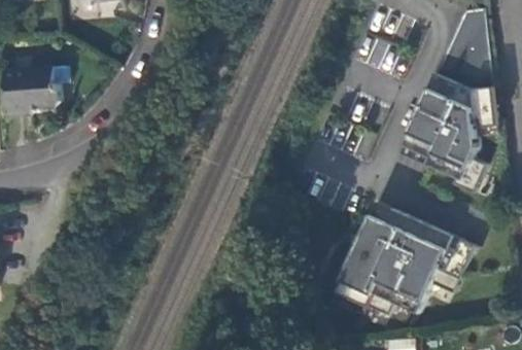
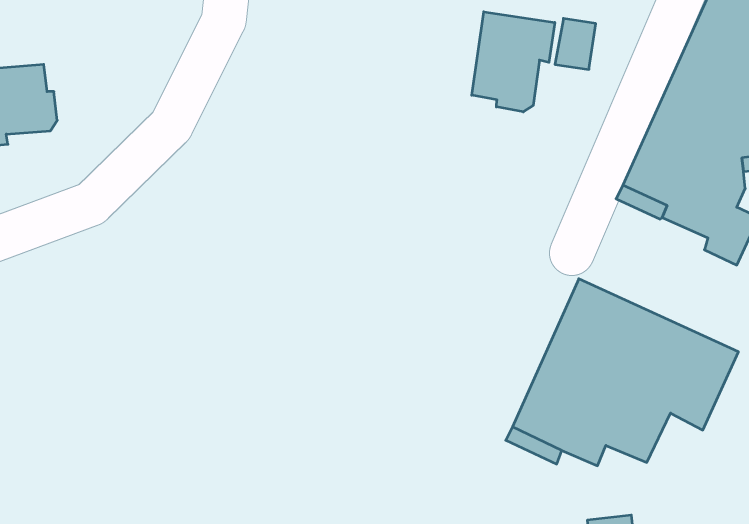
building: none -> [472,12,555,112]

